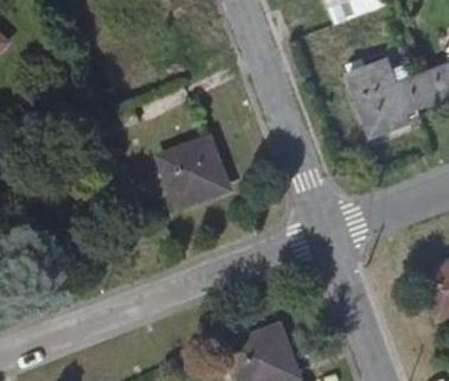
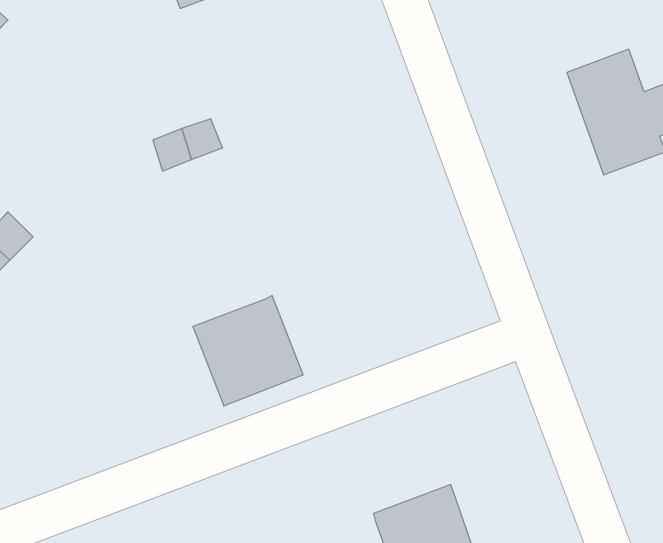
building: [159,139,226,207] -> [193,296,303,406]

